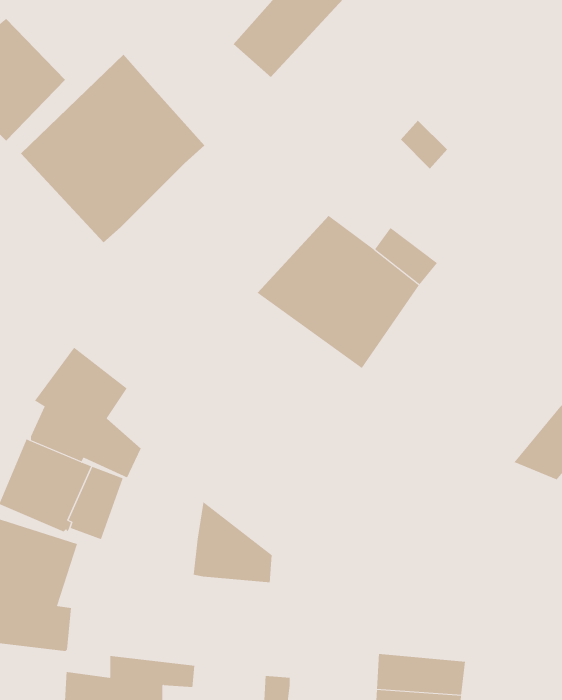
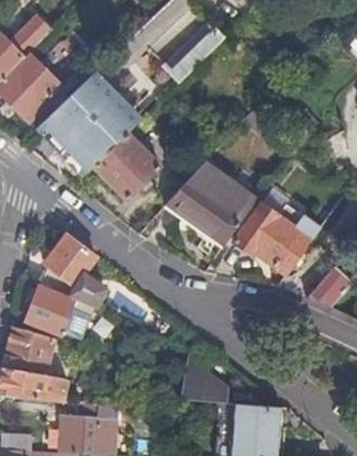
building: none -> [94,133,160,199]
building: none -> [236,202,322,275]
building: [193,501,272,583] -> [182,358,226,403]

